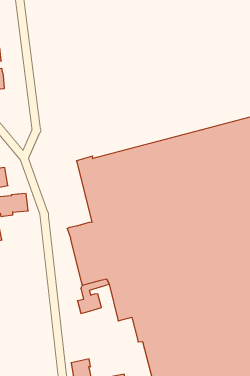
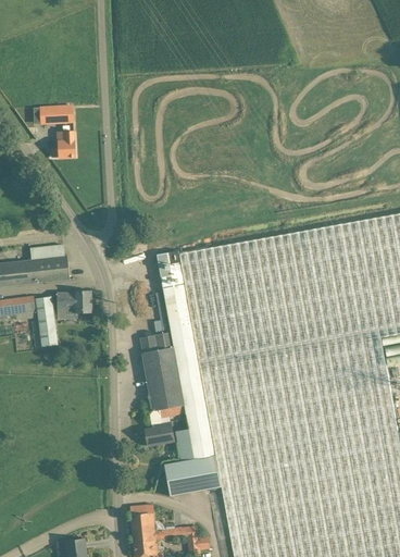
building: none -> [164,456,216,496]

